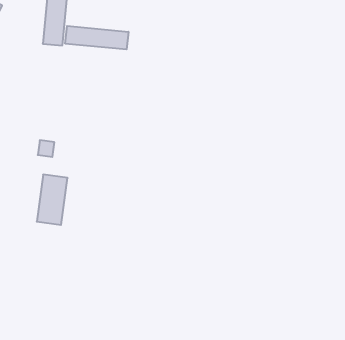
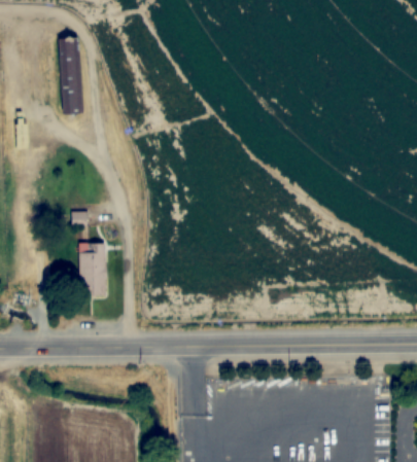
building: [65,26,128,49] -> none

